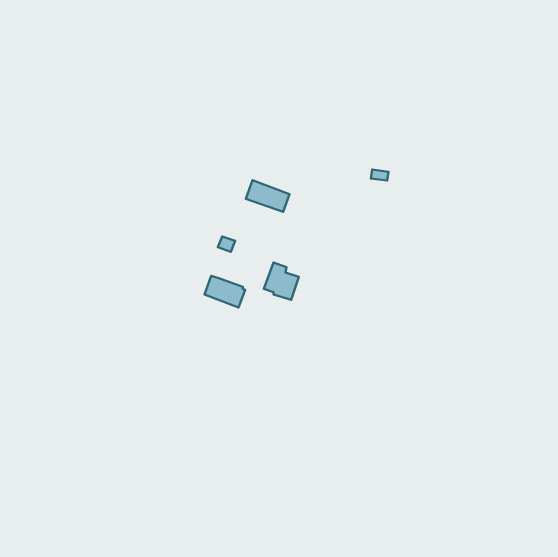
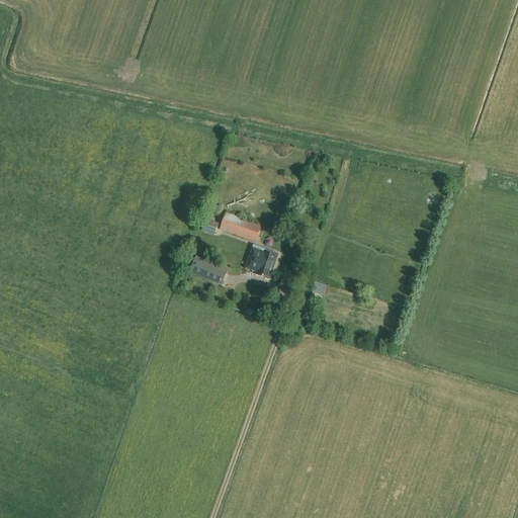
building: [246,180,290,212] -> [220,211,260,241]

